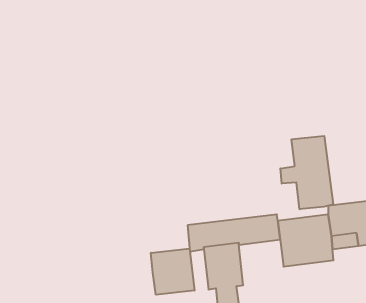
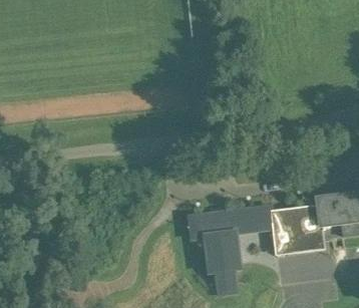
building: [280,136,333,209] -> none
building: [151,249,194,295] -> none

